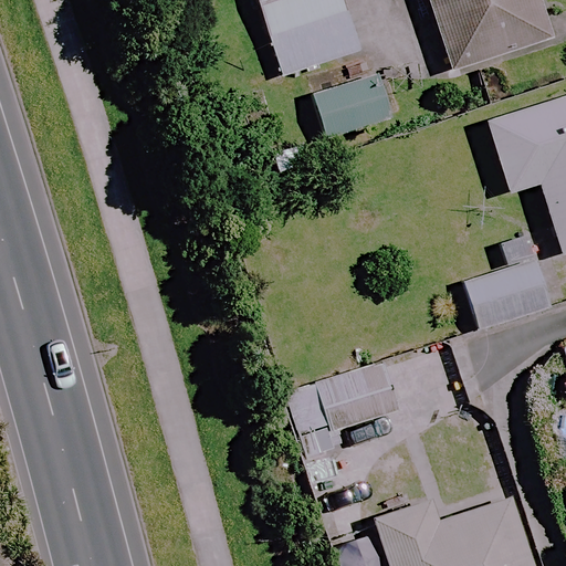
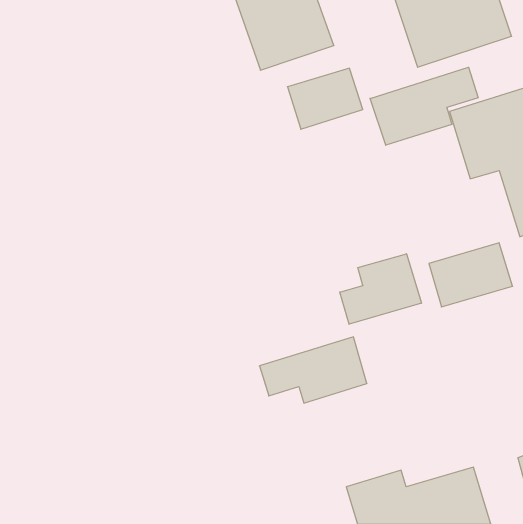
building: none -> [370,67,478,145]
building: none -> [340,254,421,324]

